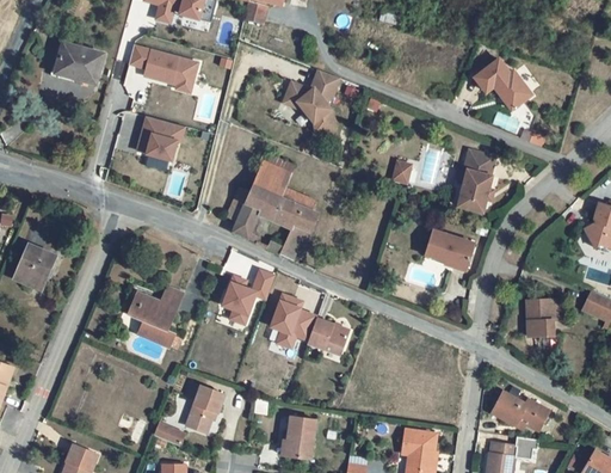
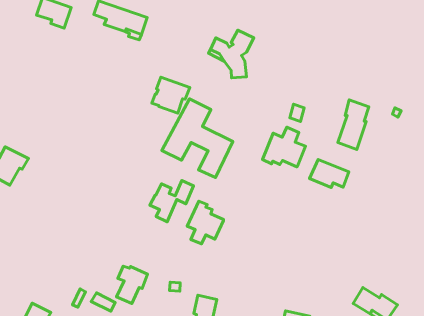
building: [471,62,529,112] -> none
building: [137,118,185,164] -> [152,77,190,113]
building: none -> [263,127,306,167]
building: [126,287,183,350] -> none
building: [525,300,553,337] -> none
building: [307,318,348,356] -> none

